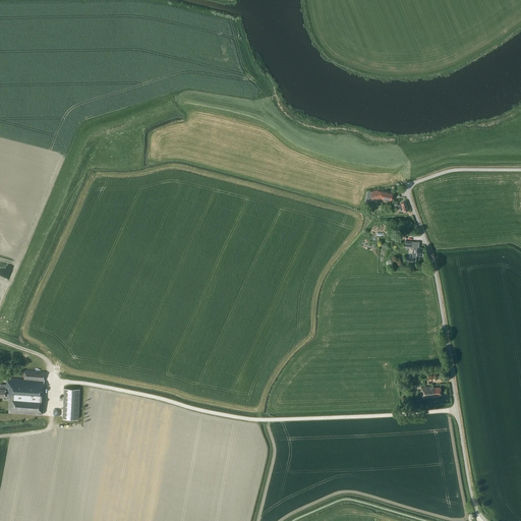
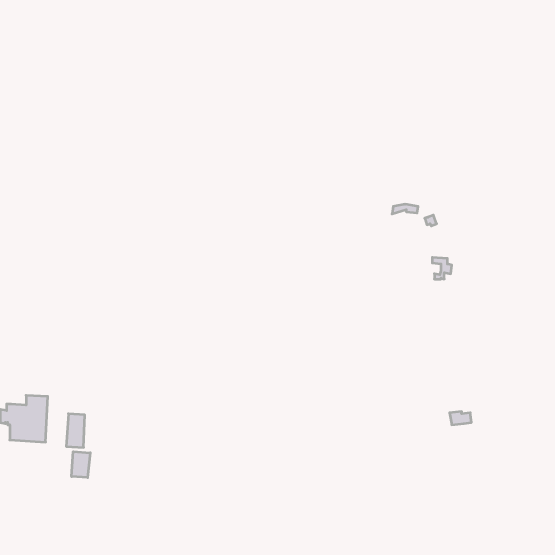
building: none -> [72,452,90,478]

